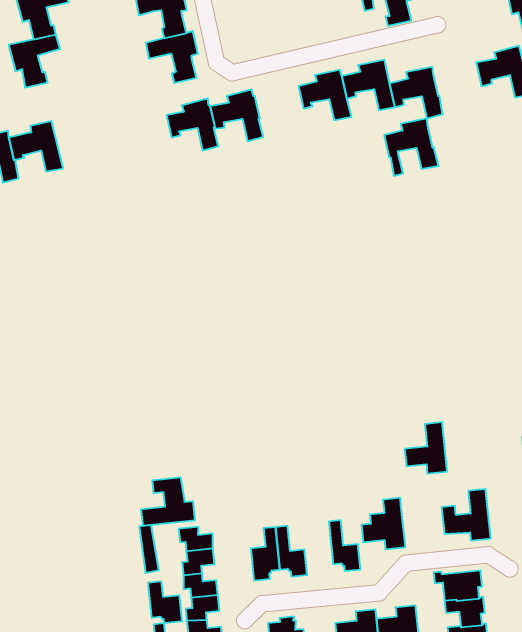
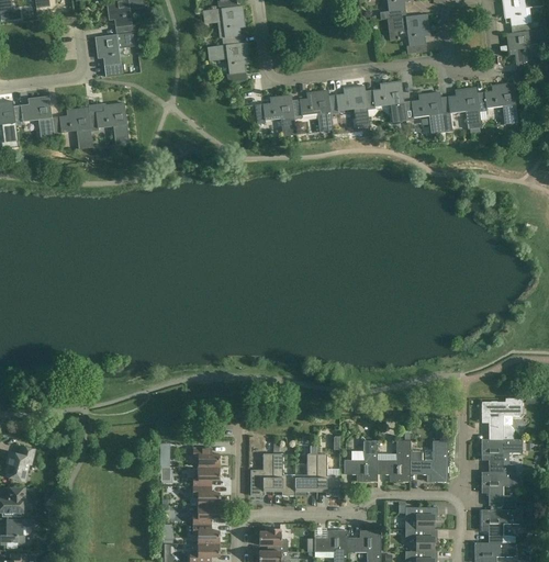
building: [167,99,218,150] -> [292,90,332,132]
building: [384,119,439,176] -> [439,87,481,131]
building: [405,422,447,474] -> [377,440,410,481]
building: [141,477,195,526] -> none
building: none -> [294,453,316,495]
building: [148,581,182,623] -> none

